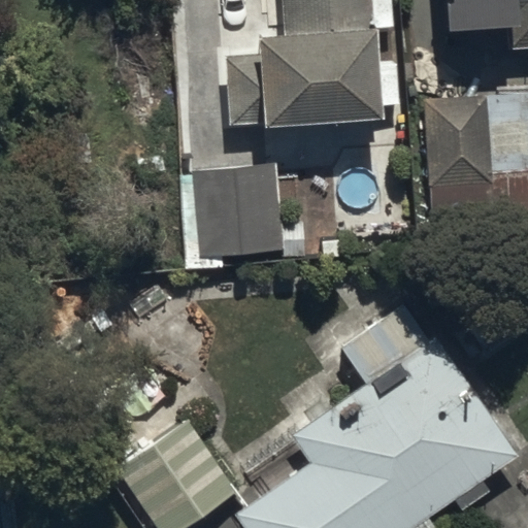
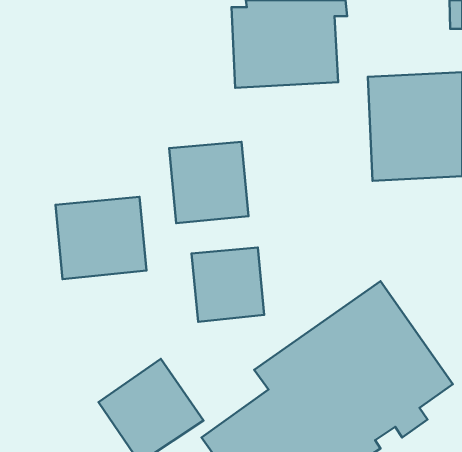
building: none -> [55,197,147,279]
building: none -> [192,247,264,322]

